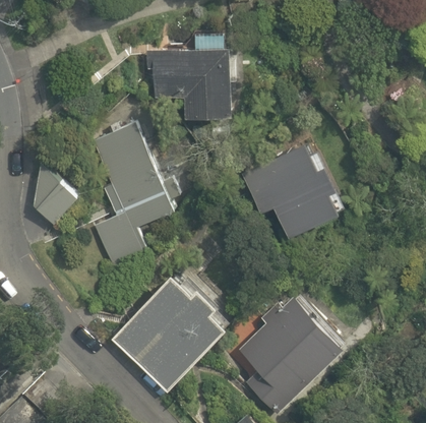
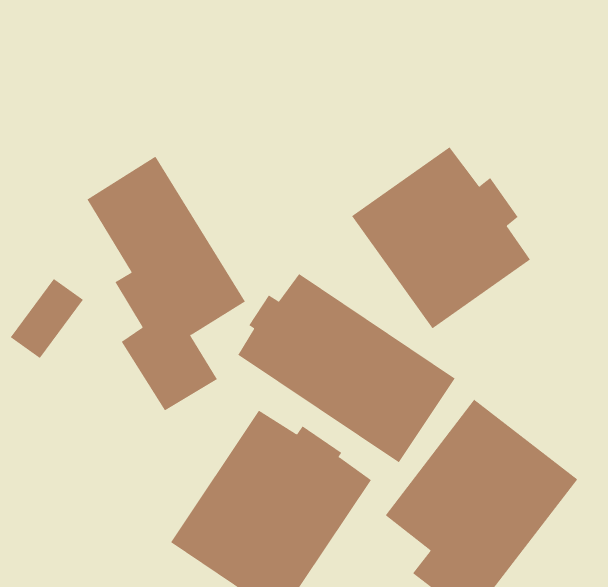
building: [154,50,231,121] -> none
building: none -> [238,273,456,463]

